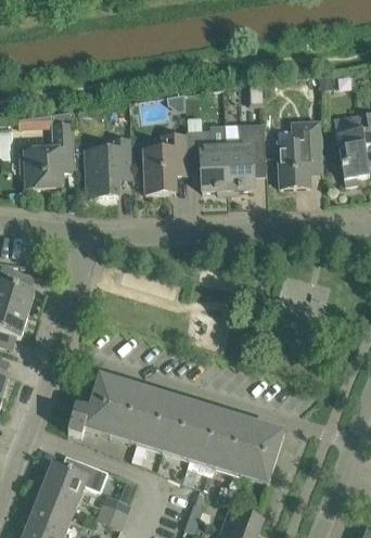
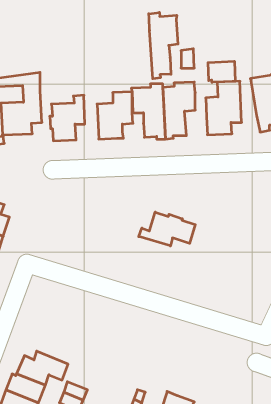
building: none -> [149,12,178,79]
building: none -> [208,61,235,82]
building: none -> [139,212,195,246]
building: [67,376,284,479] -> none

